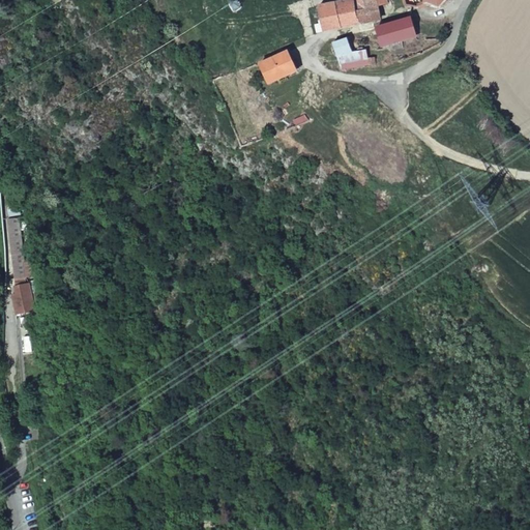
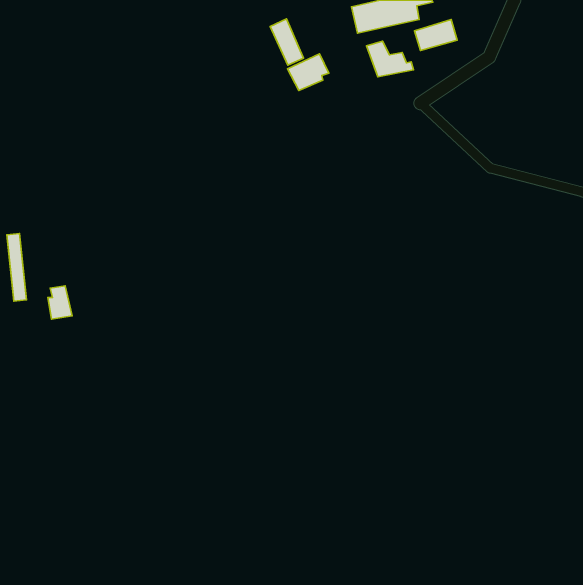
building: none -> [270,19,304,65]
building: [10,277,32,307] -> [48,286,72,319]

